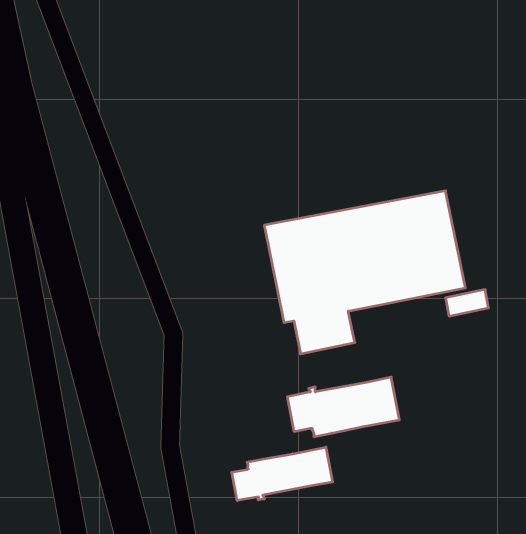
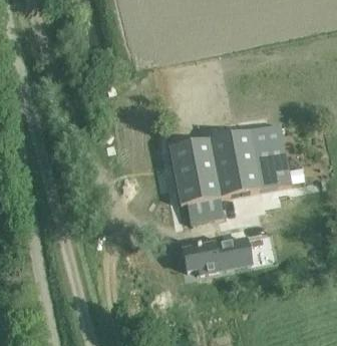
building: [232,447,333,501] -> none

